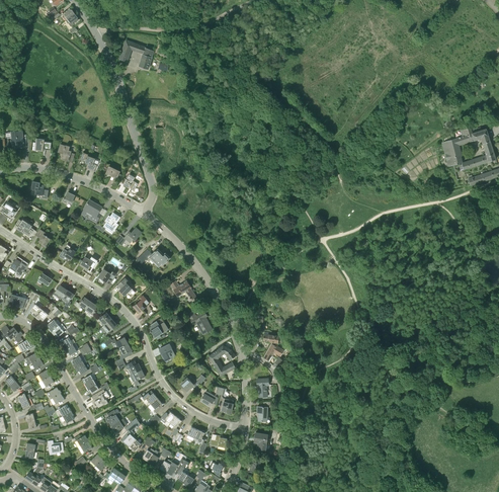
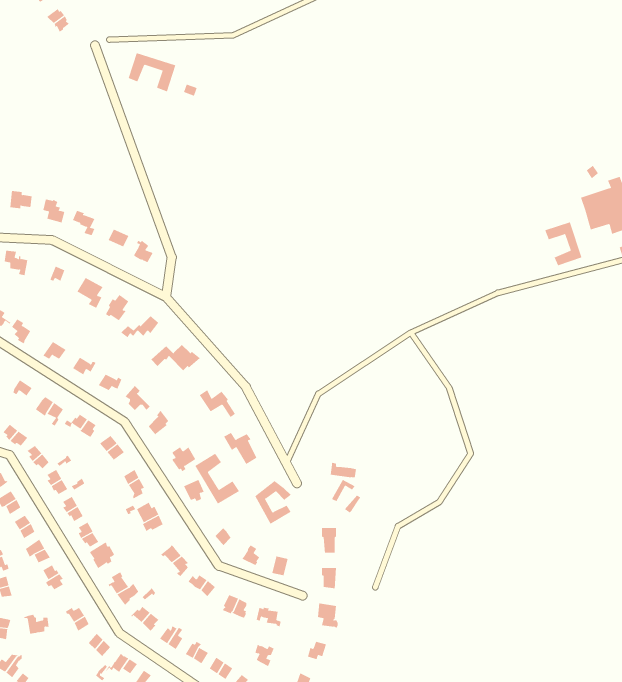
building: none -> [544,222,582,266]
building: none -> [194,453,240,505]

